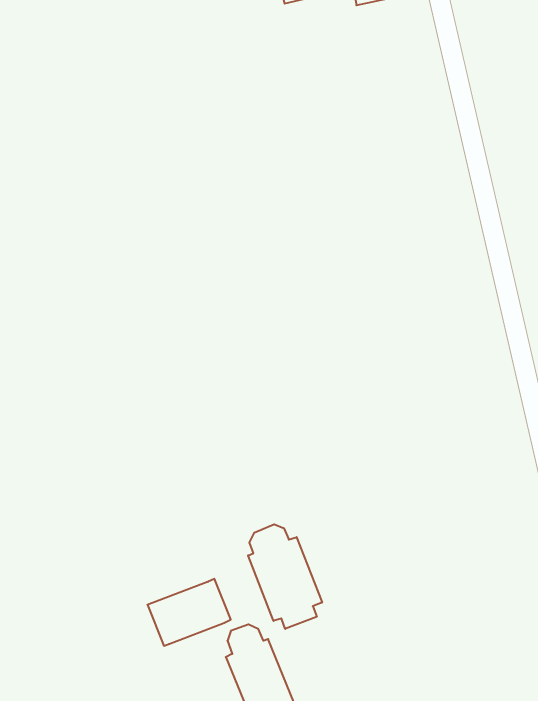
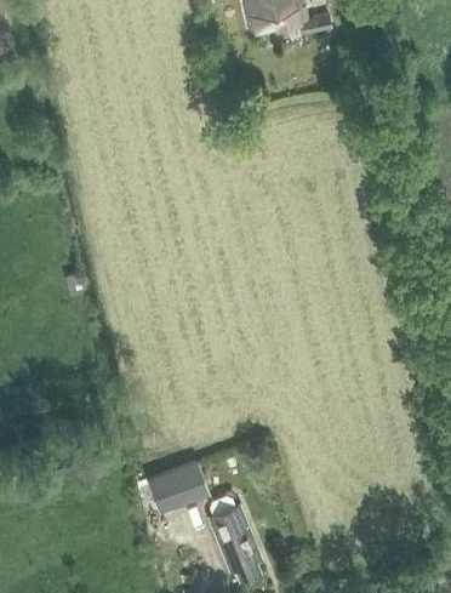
building: [248,524,322,629] -> none

